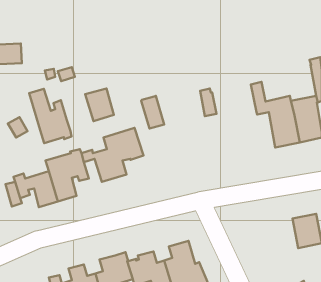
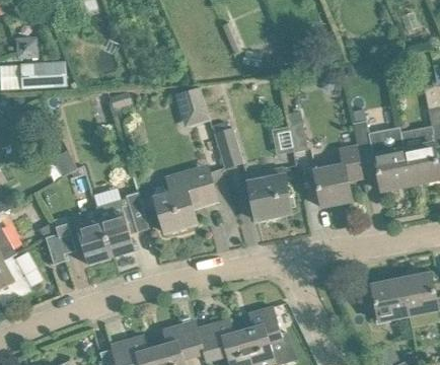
building: [85,89,114,121] -> [173,87,209,128]
building: [29,89,72,143] -> none
building: none -> [314,147,363,207]
building: none -> [245,167,292,220]
building: none -> [371,279,409,321]

